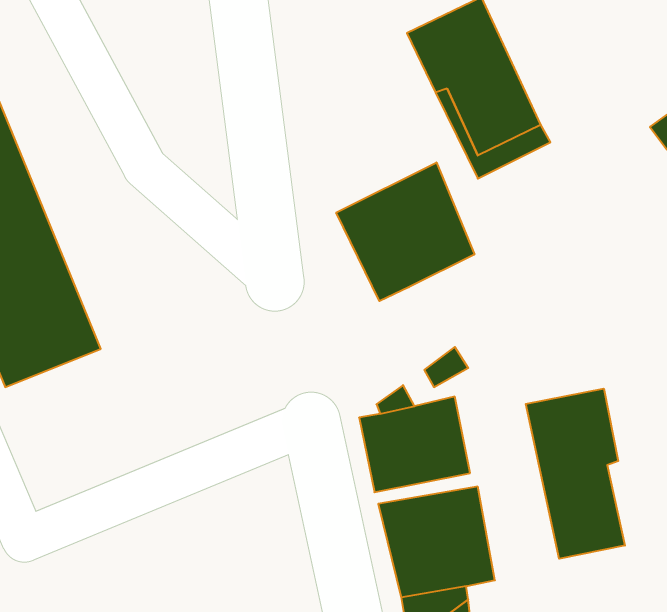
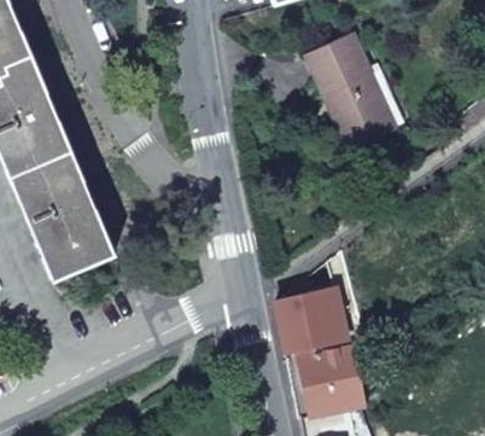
building: [336,162,474,301] -> none
building: [526,389,625,559] -> none

